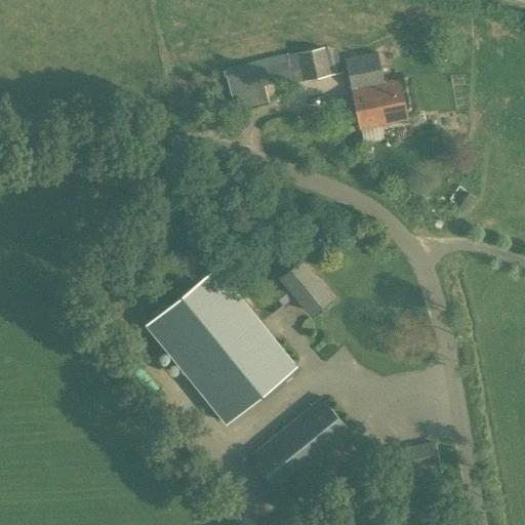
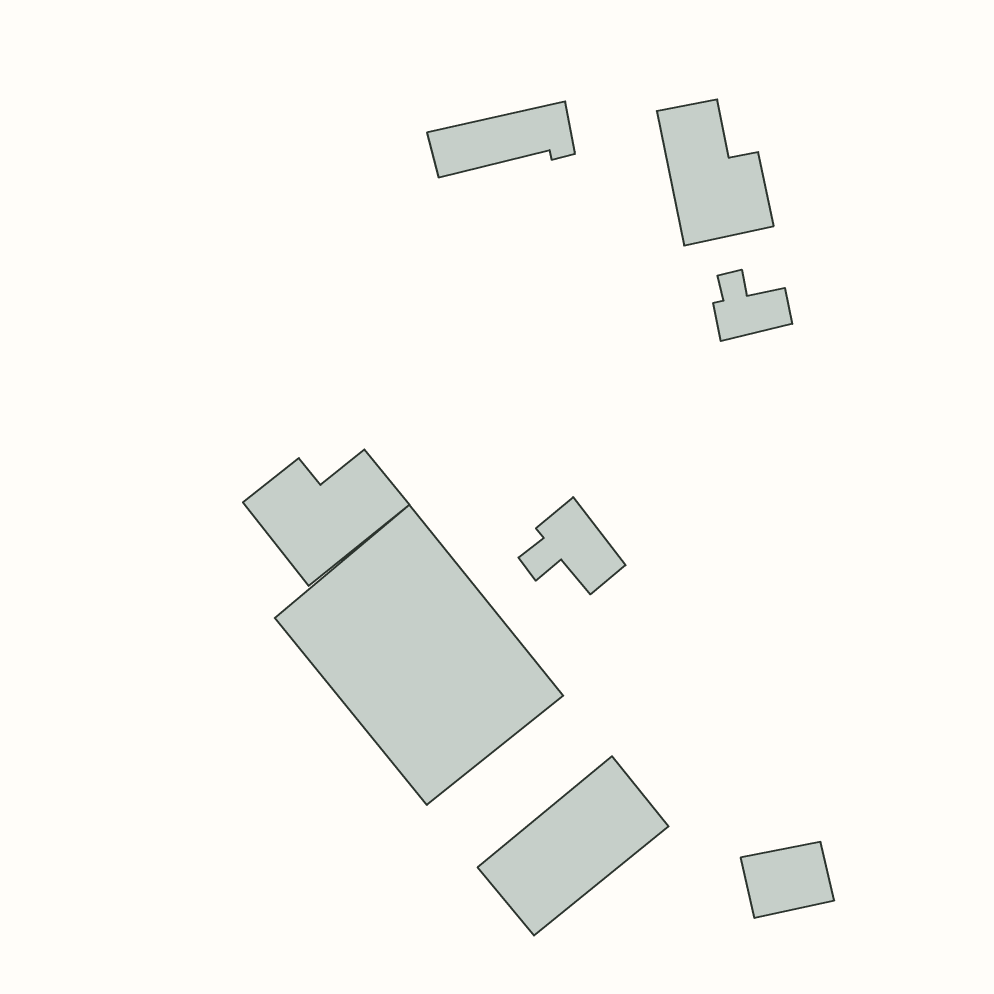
building: [297,48,330,81] -> none
building: none -> [713,270,792,341]
building: none -> [243,449,410,586]

